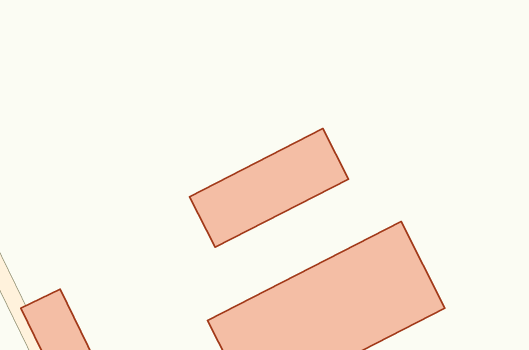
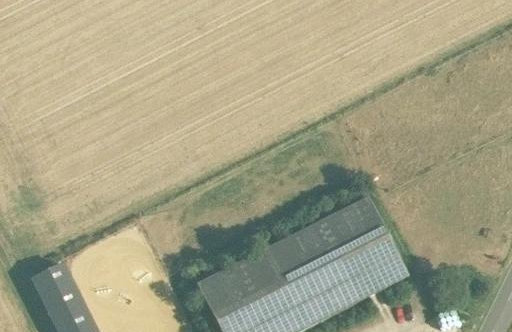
building: [189,129,349,247] -> none

